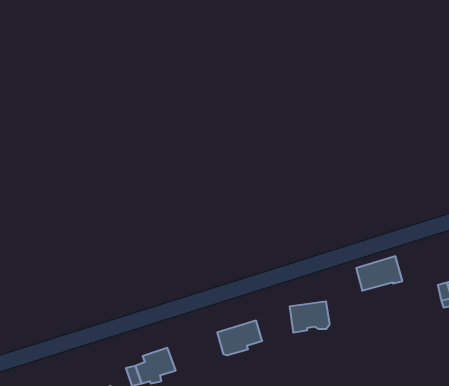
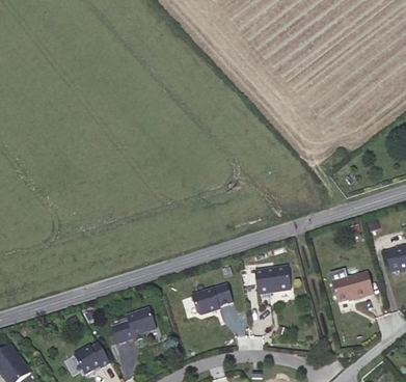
building: [356,256,402,291] -> [328,275,369,305]

